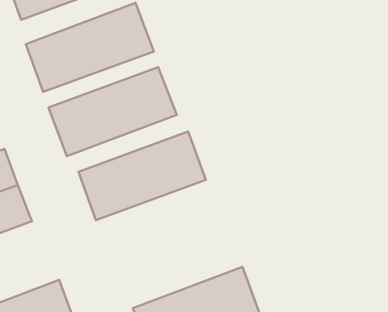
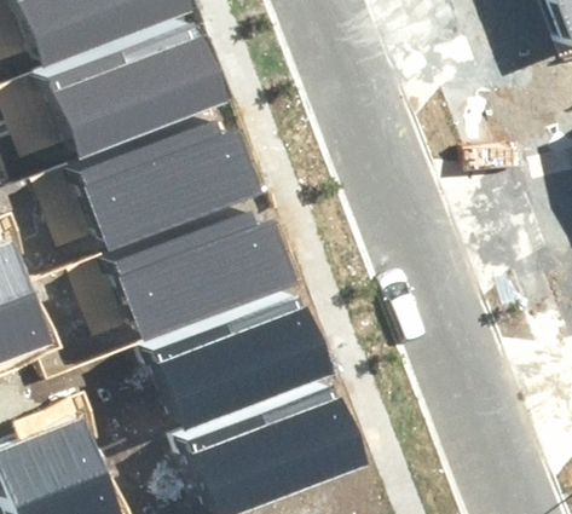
building: none -> [157,308,334,431]

